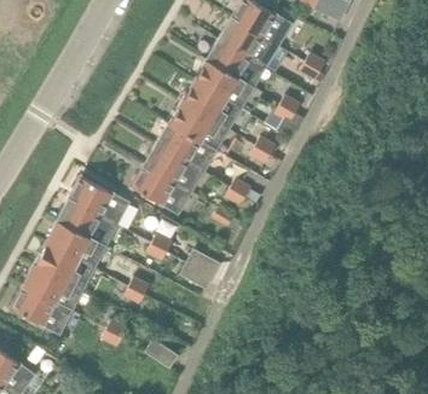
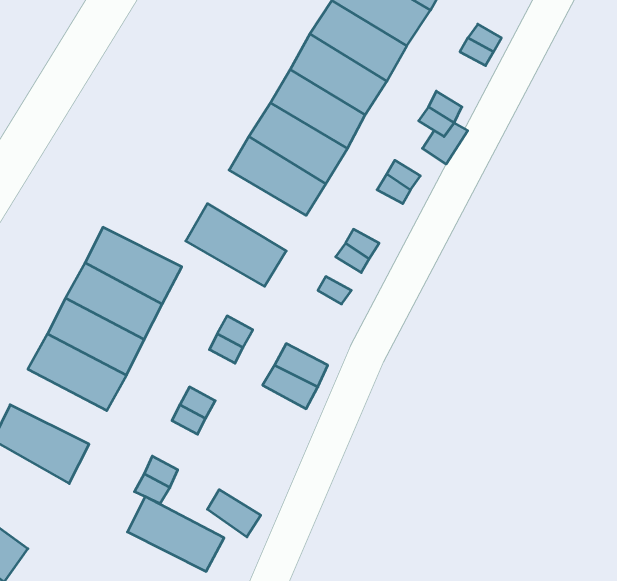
building: [145,141,206,191] -> none
building: [24,263,83,309] -> [127,496,224,571]

